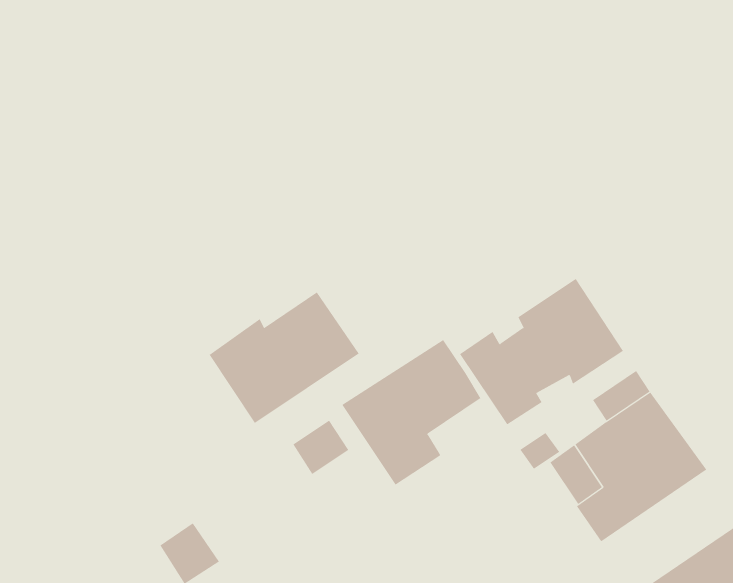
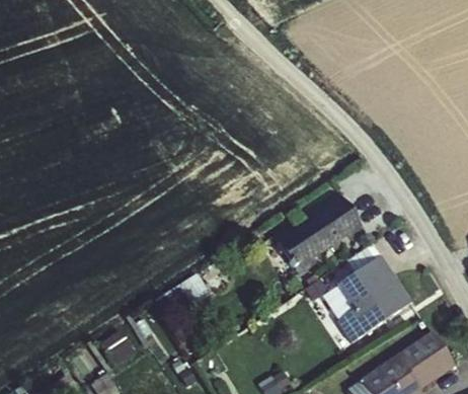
building: [209,292,359,424] -> none
building: [341,339,481,486] -> none

